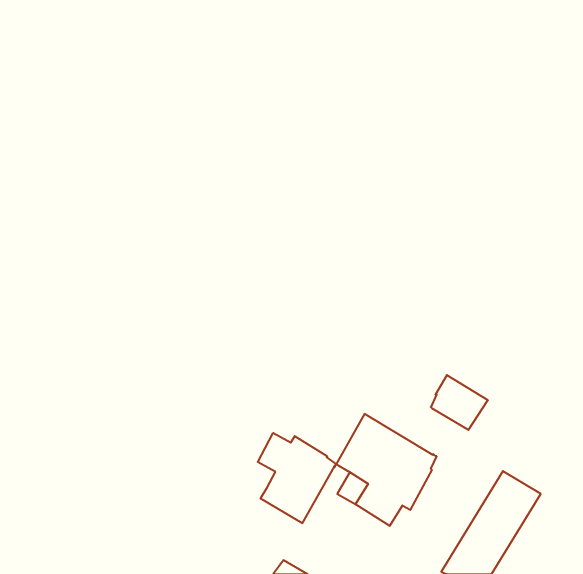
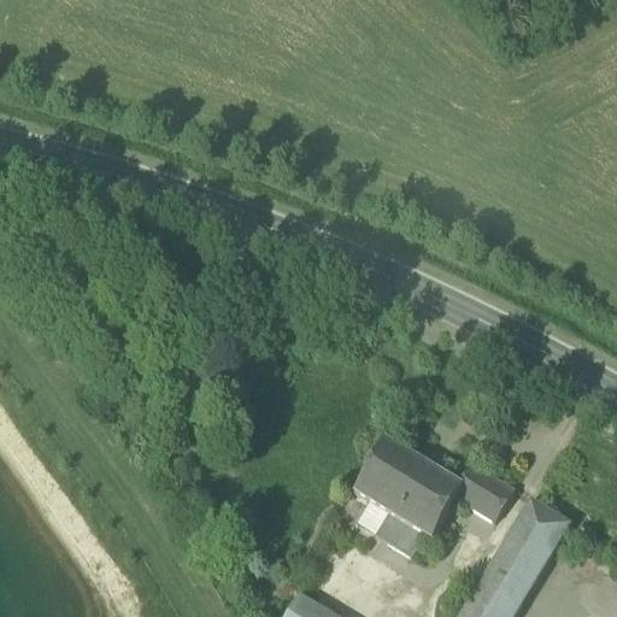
building: [431,375,488,430] -> [454,460,515,518]
building: [258,433,336,523] -> none

